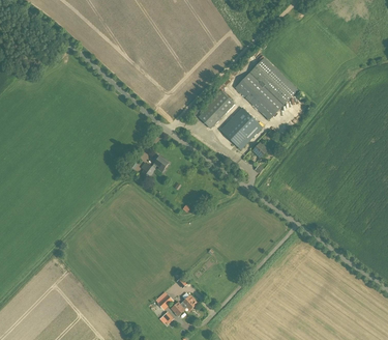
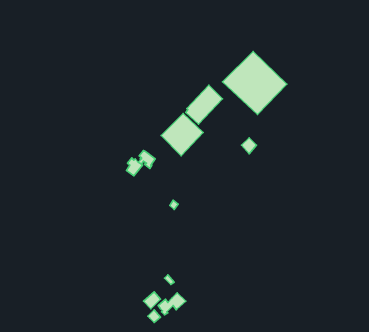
building: [219,109,261,150] -> [161,114,203,156]

